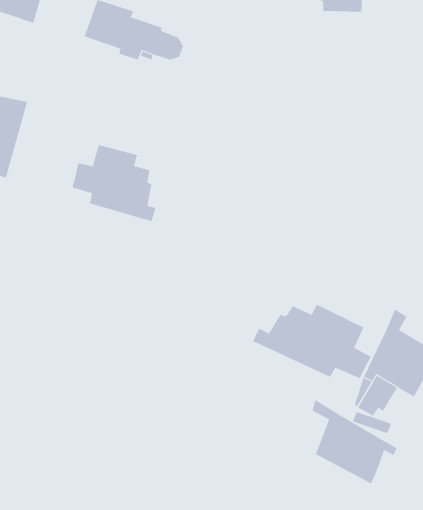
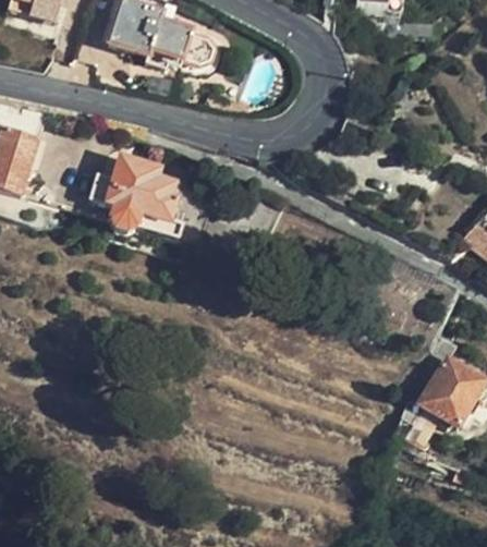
building: [253,304,371,379] -> none
building: [312,399,397,484] -> none

